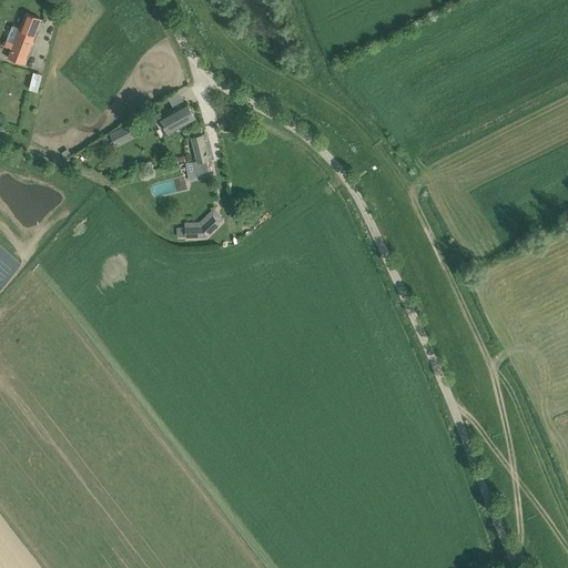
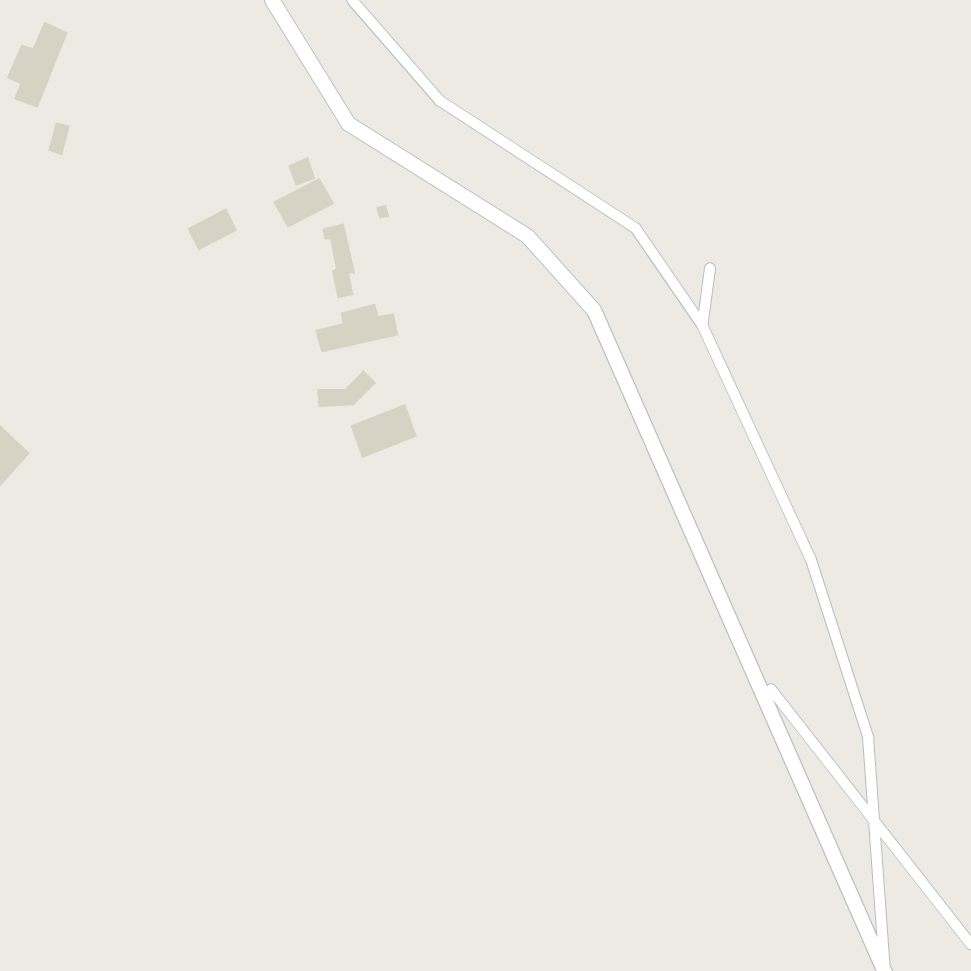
building: none -> [315,303,399,353]
building: none -> [350,403,418,459]

